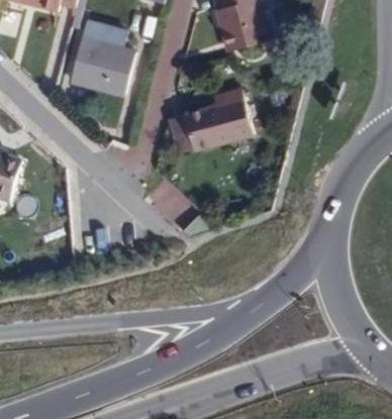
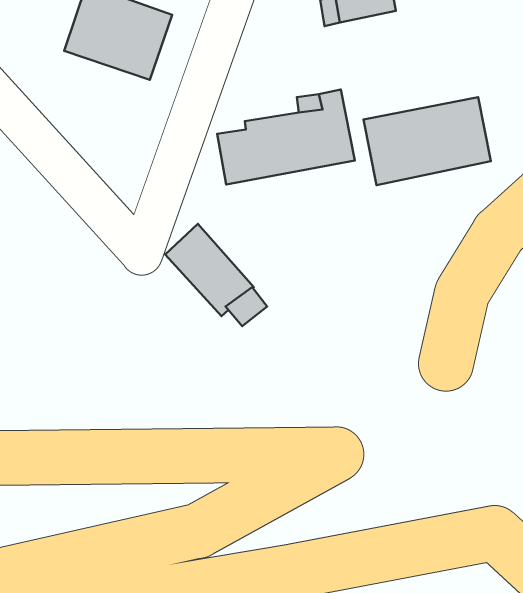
building: none -> [364,97,491,185]

